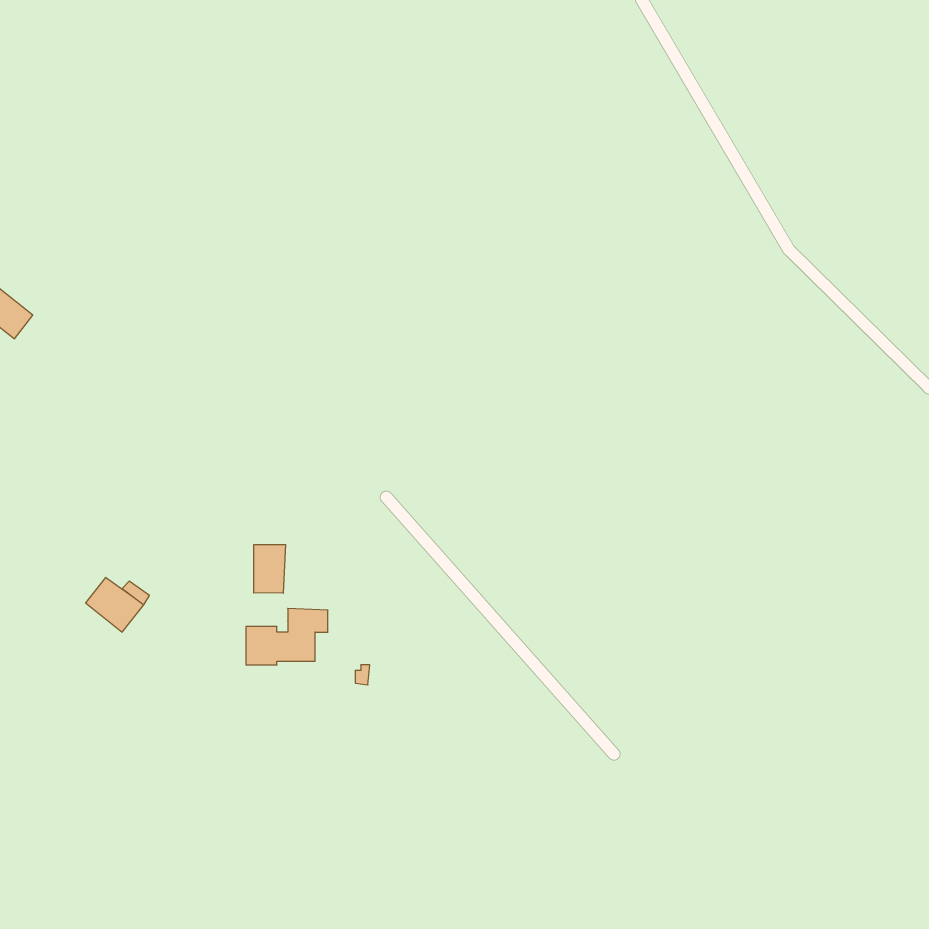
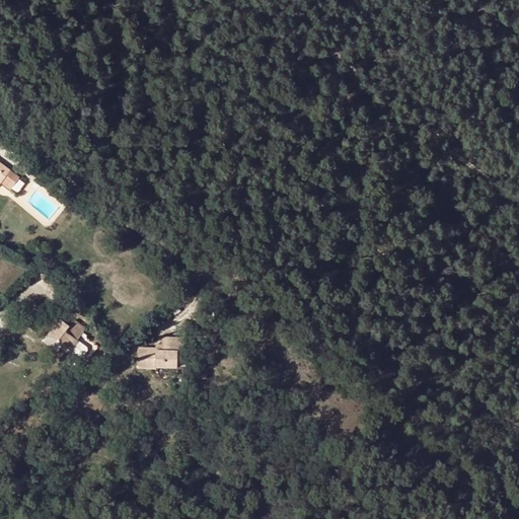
building: [254,545,286,593] -> none

